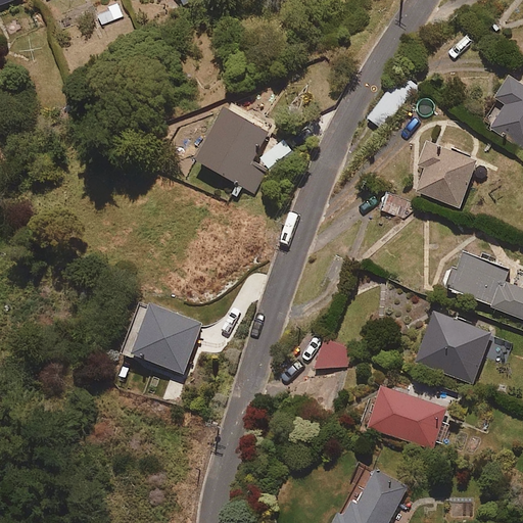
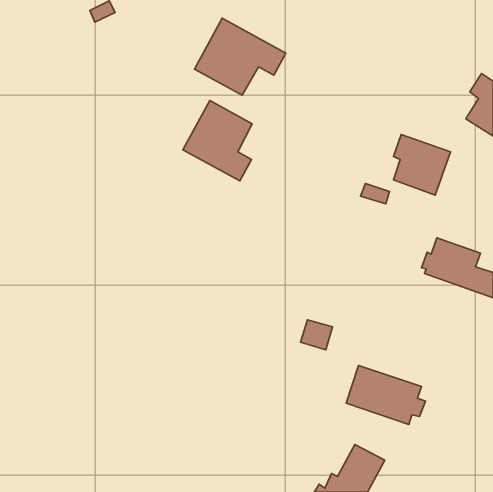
building: none -> [194,18,286,95]
building: [128,303,200,373] -> none
building: [416,312,512,382] -> none

